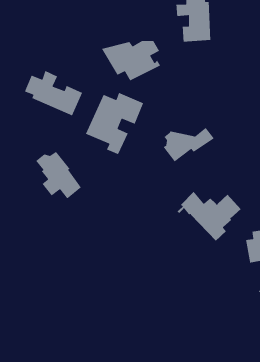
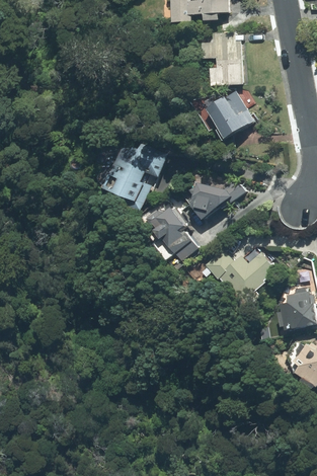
building: [101,40,161,81] -> [190,91,257,137]
building: [24,70,83,116] -> none
building: [35,151,82,199] -> [147,208,199,261]

